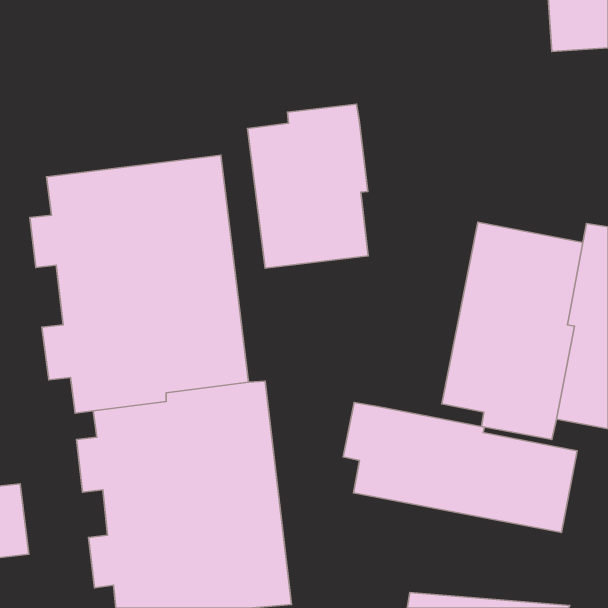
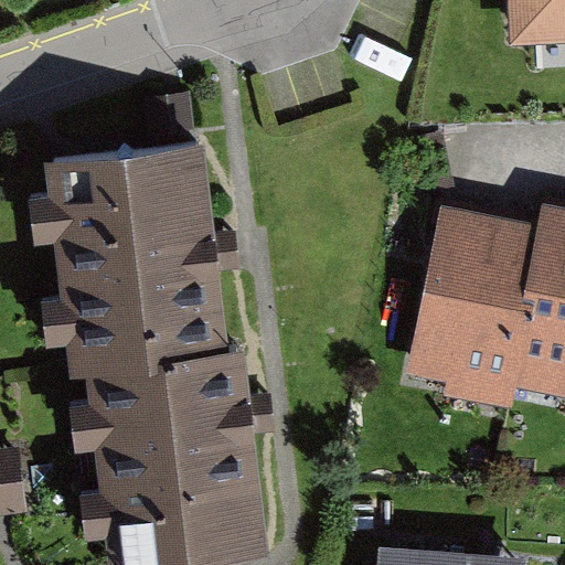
building: [248,104,368,268] -> none
building: [343,402,577,532] -> none

